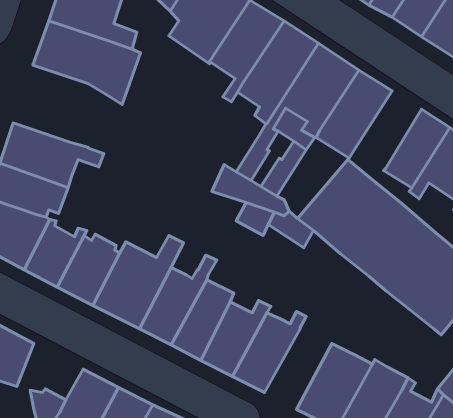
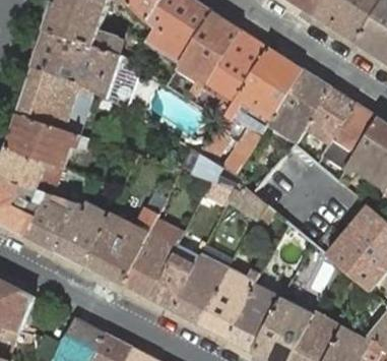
building: none -> [15,65,92,133]
building: none -> [299,86,353,151]
building: none -> [223,283,279,351]

